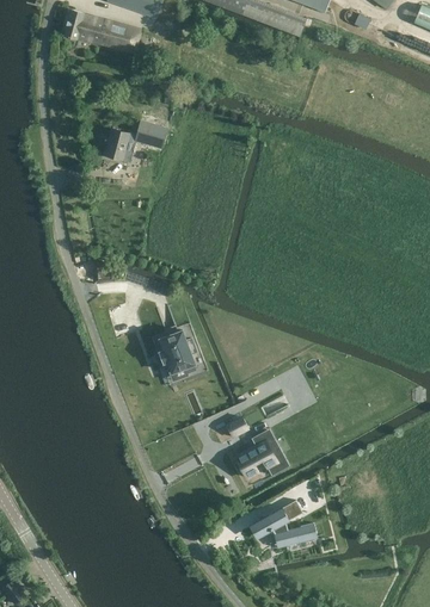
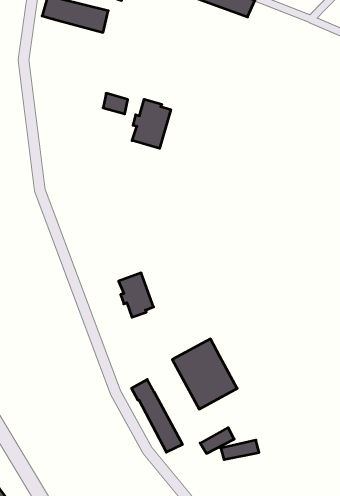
building: [106,126,131,159] -> none
building: none -> [132,99,171,148]
building: none -> [132,379,182,452]

